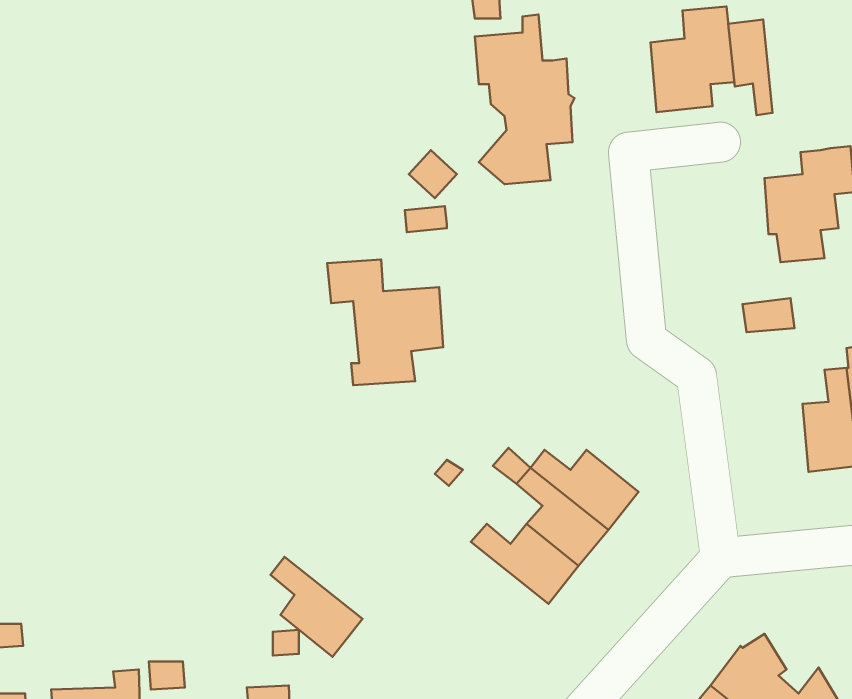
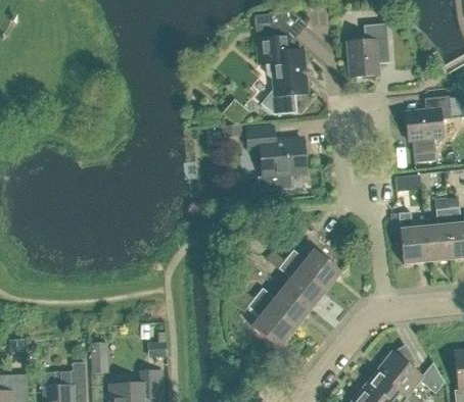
building: [728,20,772,115] -> none
building: [327,259,443,385] -> [245,125,305,190]
building: none -> [398,211,427,263]
building: [271,557,362,657] -> [247,297,294,348]

